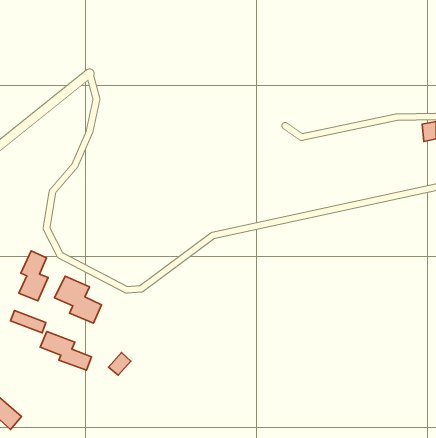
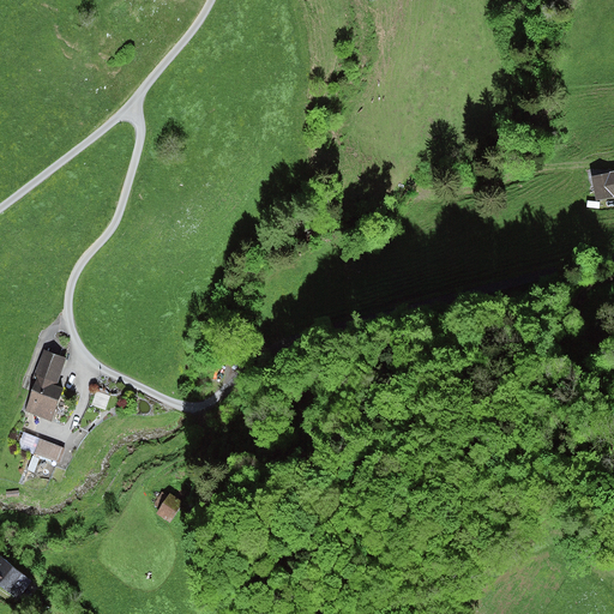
building: [55,276,102,323] -> none
building: [40,331,91,370] -> none

